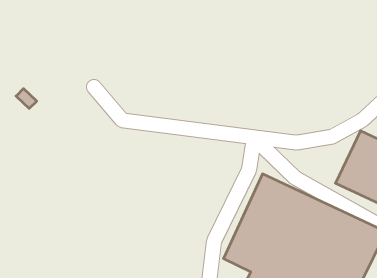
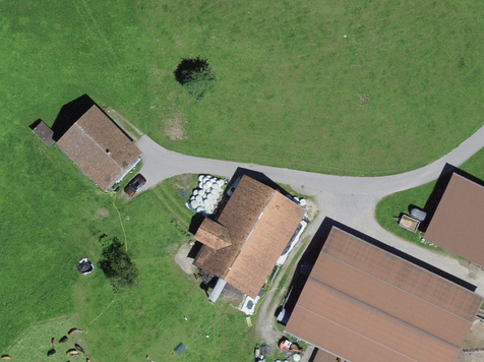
building: none -> [57,105,143,190]
building: none -> [194,174,307,299]

